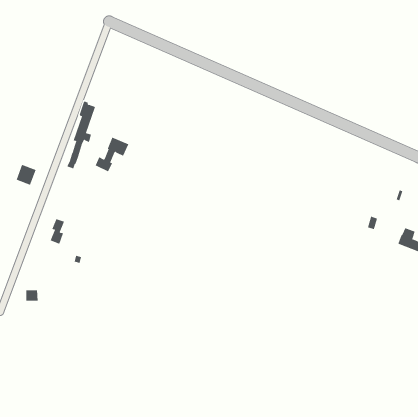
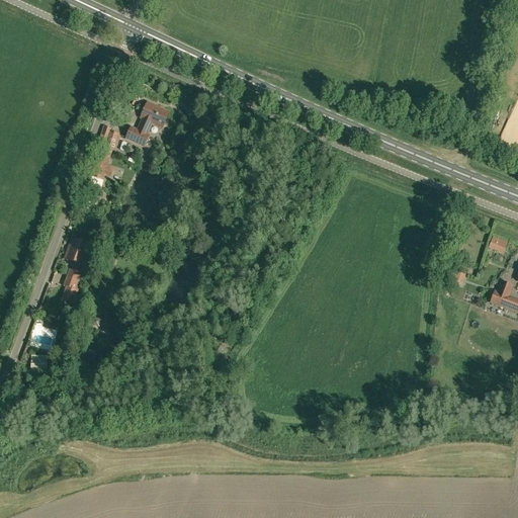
building: [95,137,129,172] -> [127,101,170,145]
building: [16,164,36,186] -> [66,237,91,263]

